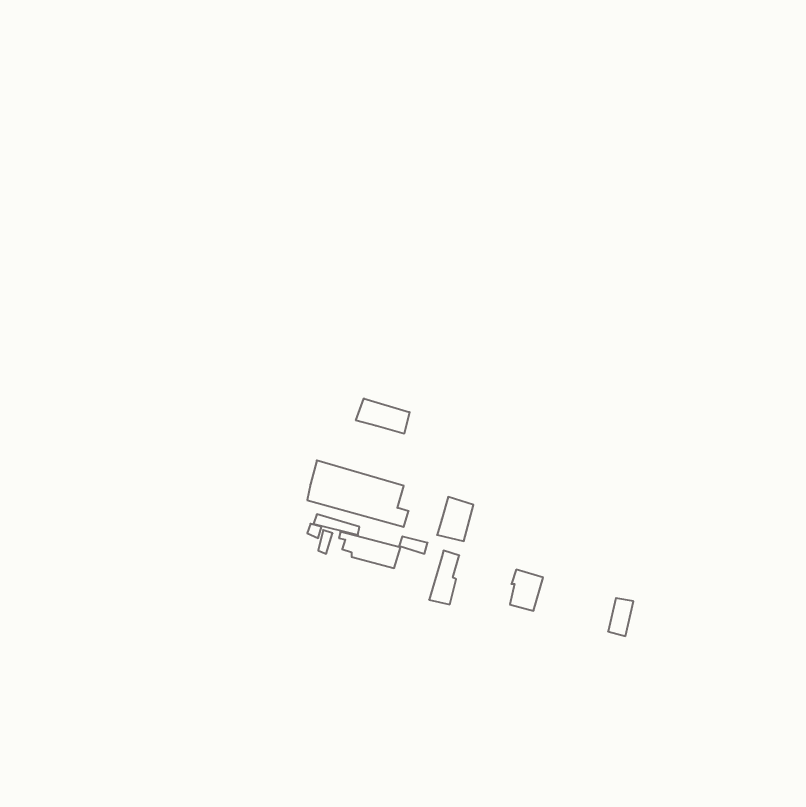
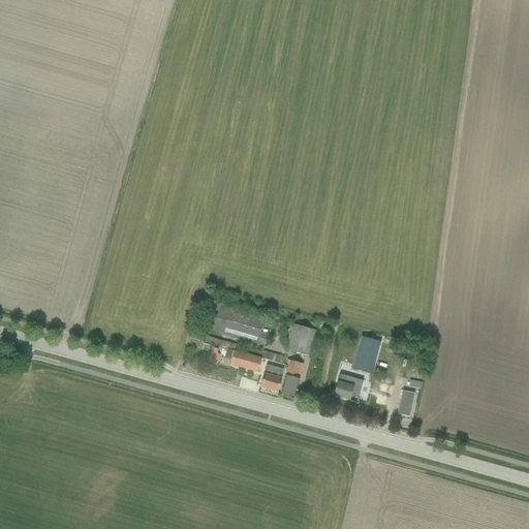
building: [356,398,410,434] -> none
building: none -> [354,336,381,373]
building: none -> [261,364,284,391]

